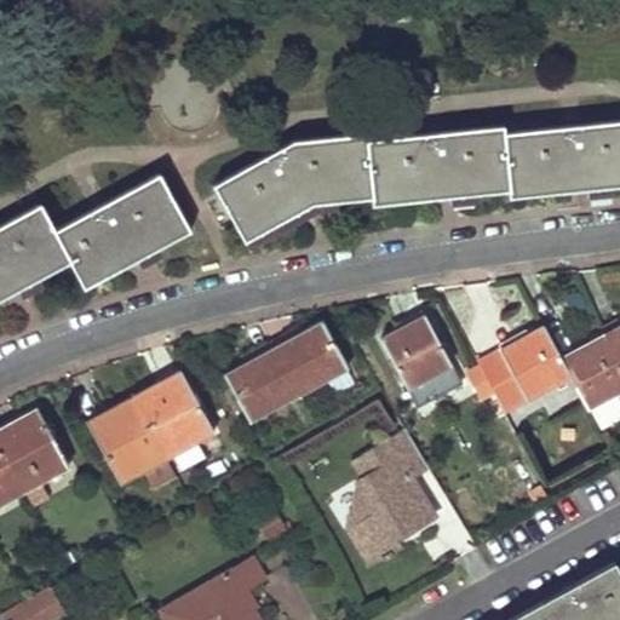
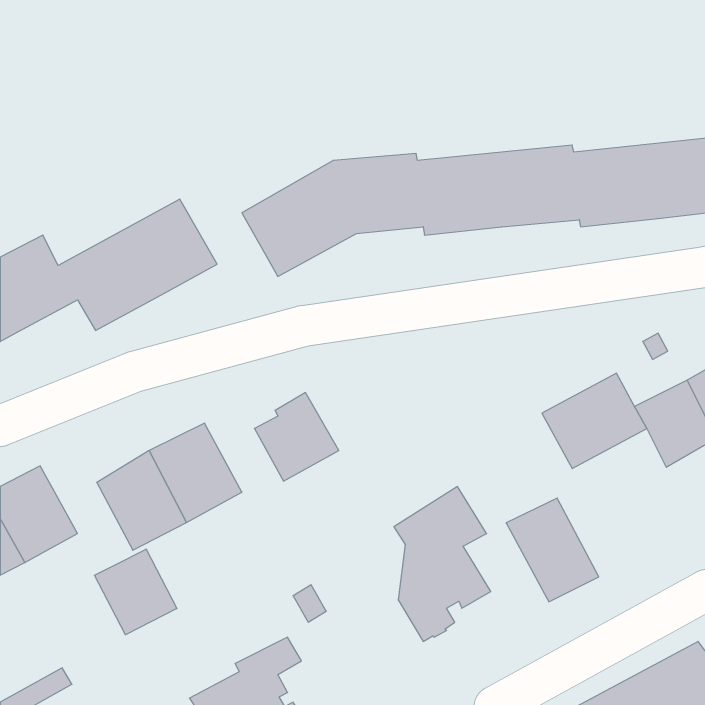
building: [380,315,461,406] -> [506,498,599,602]
building: [269,323,352,396] -> none
building: none -> [94,549,177,635]

